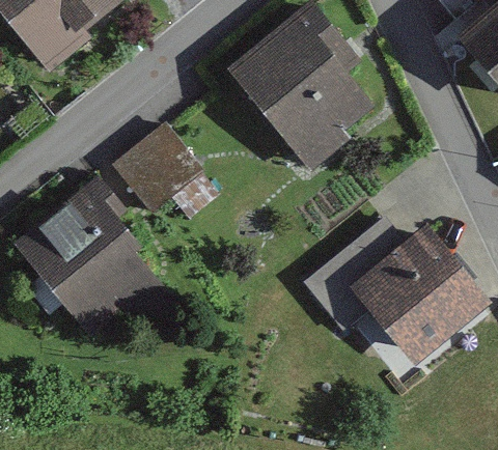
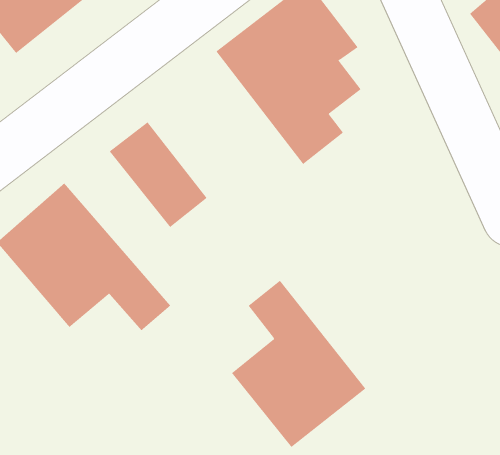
building: [345,223,485,364] -> none
building: none -> [231,280,366,448]

